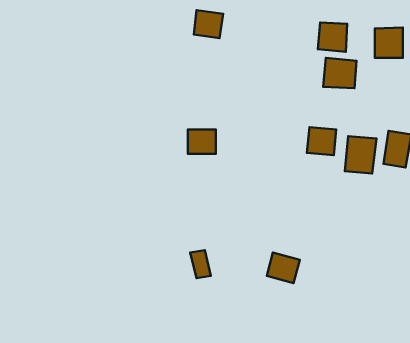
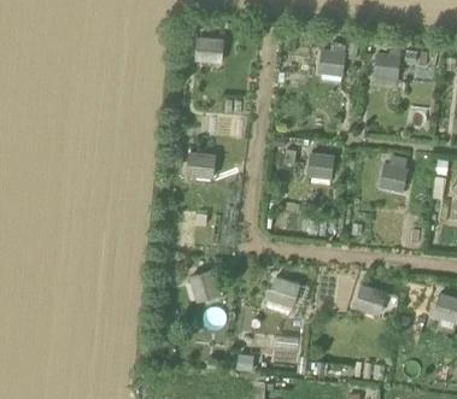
building: [323,58,357,88] -> none
building: [345,136,377,173] -> none
building: none -> [351,283,387,318]

